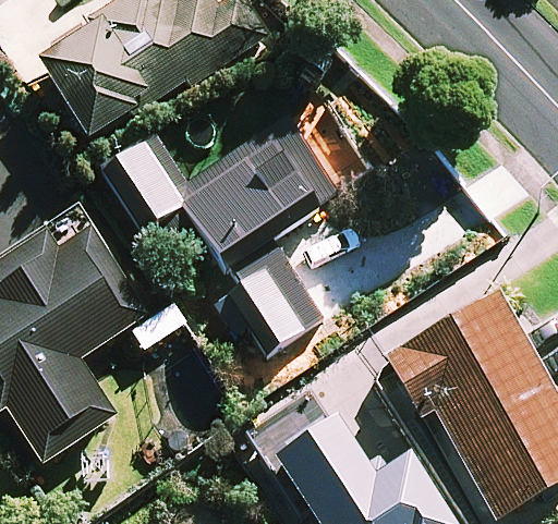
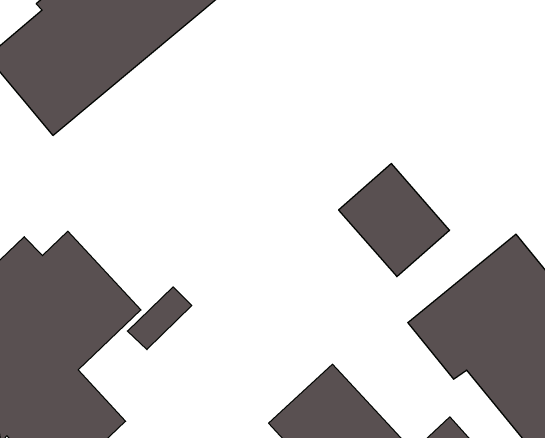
building: [108,122,340,268] -> none
building: [223,243,322,346] -> [339,164,450,277]

